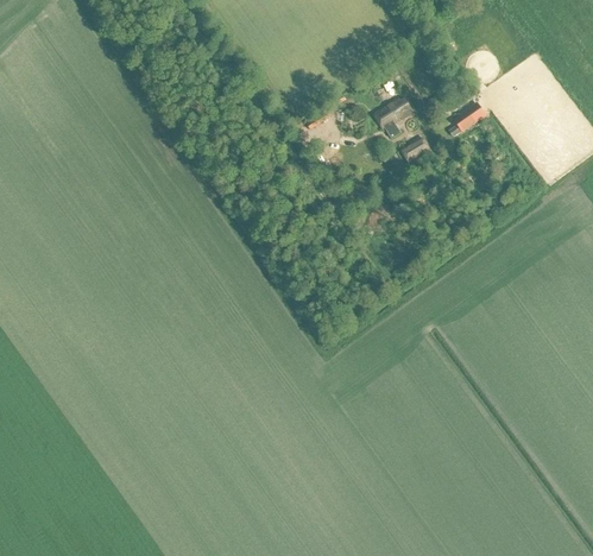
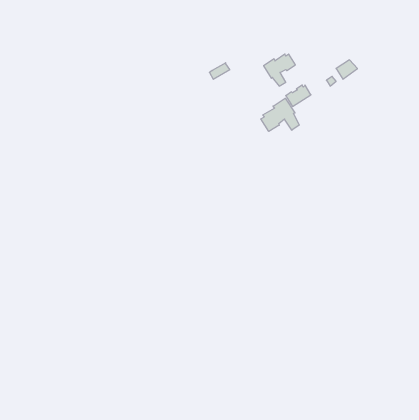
building: none -> [261,98,299,131]

